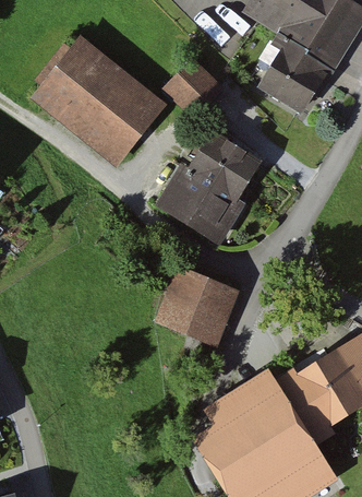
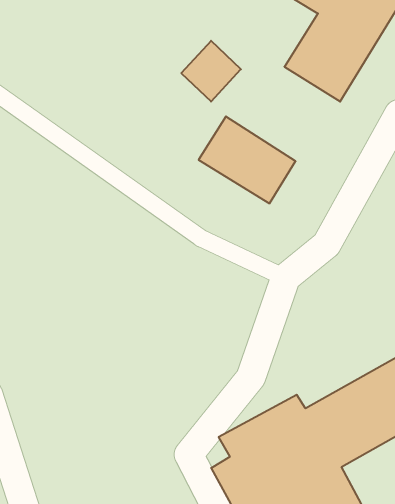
building: [35,38,164,162] -> none
building: [161,165,248,241] -> none
building: [160,268,239,341] -> none

